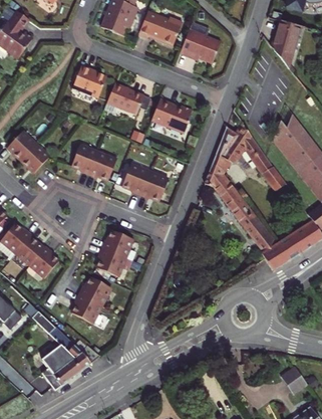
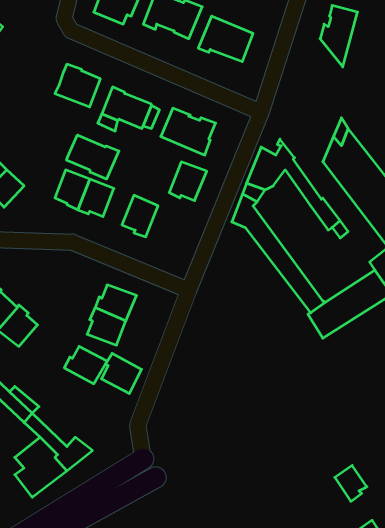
building: none -> [67,135,119,179]
building: [140,172,169,201] -> [169,162,207,201]
building: [71,293,101,324] -> [101,353,142,394]

